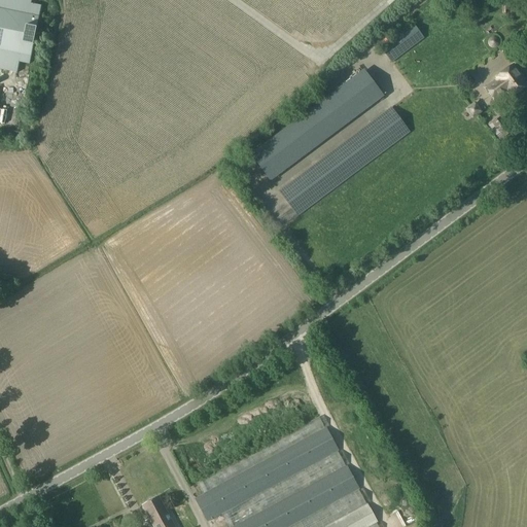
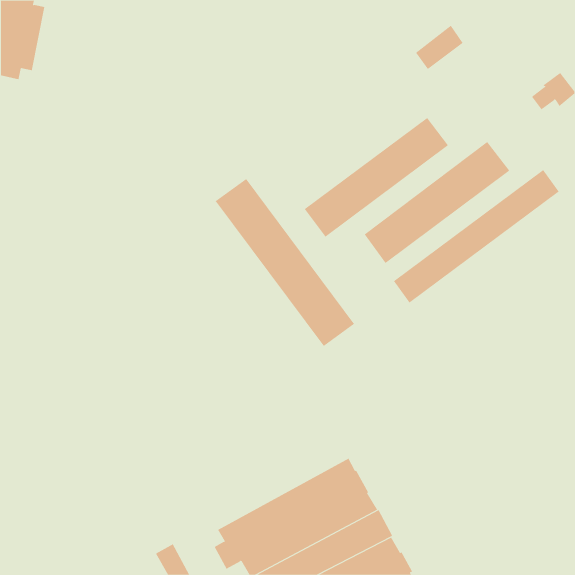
building: [250,70,384,182] -> [364,141,510,264]
building: none -> [393,169,560,304]
building: none -> [215,178,355,347]

